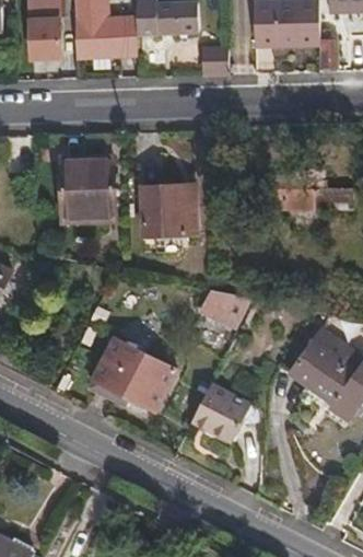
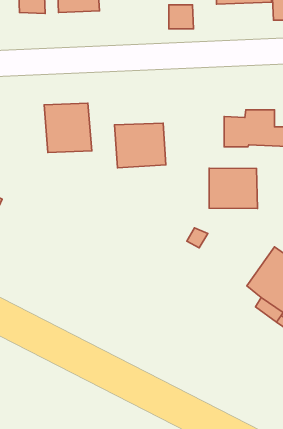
building: none -> [209,168,258,208]
building: [91,339,175,408] -> none
building: [191,385,249,443] -> none

